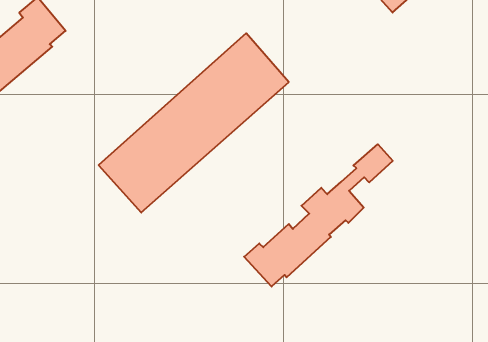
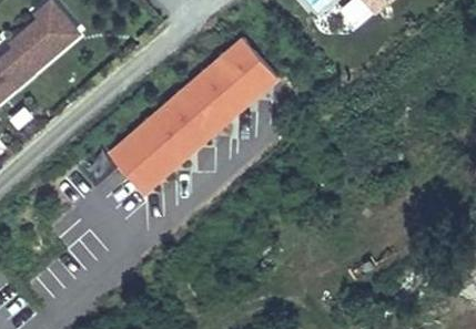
building: [244,144,393,287] -> none

